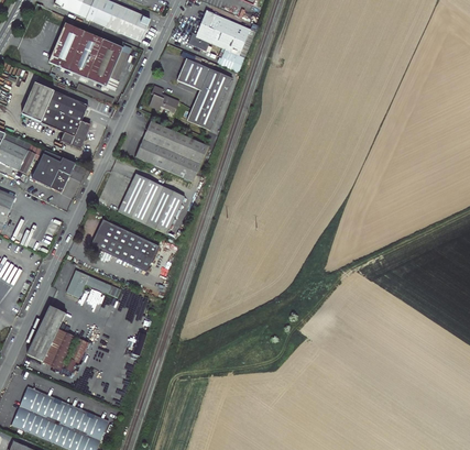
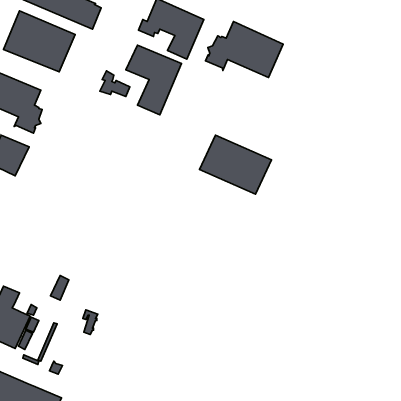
building: none -> [205,22,283,77]
building: [134,121,208,182] -> [200,135,271,194]
building: [117,173,184,233] -> none
building: [89,219,157,272] -> none
building: [65,270,120,297] -> none

